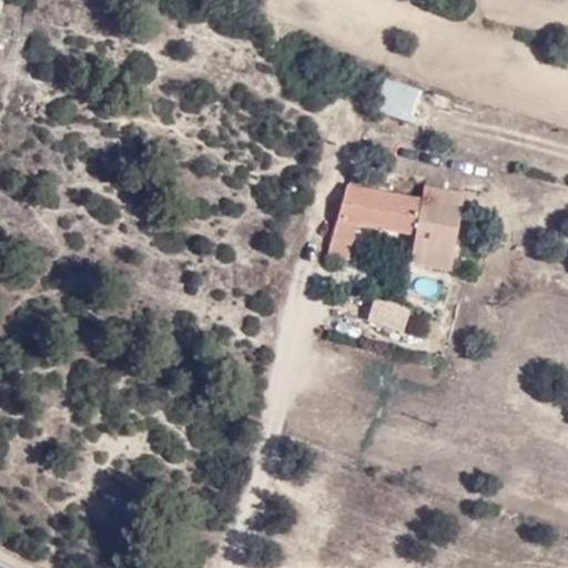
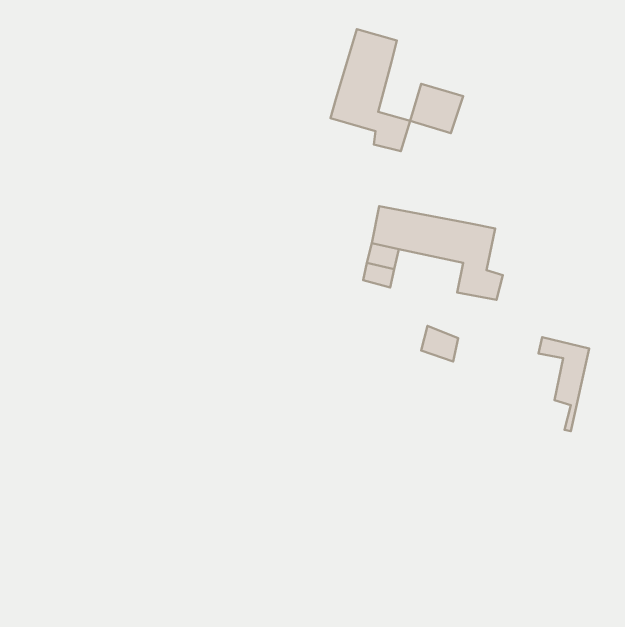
building: none -> [330,29,410,151]
building: [423,186,468,271] -> [539,337,589,431]

